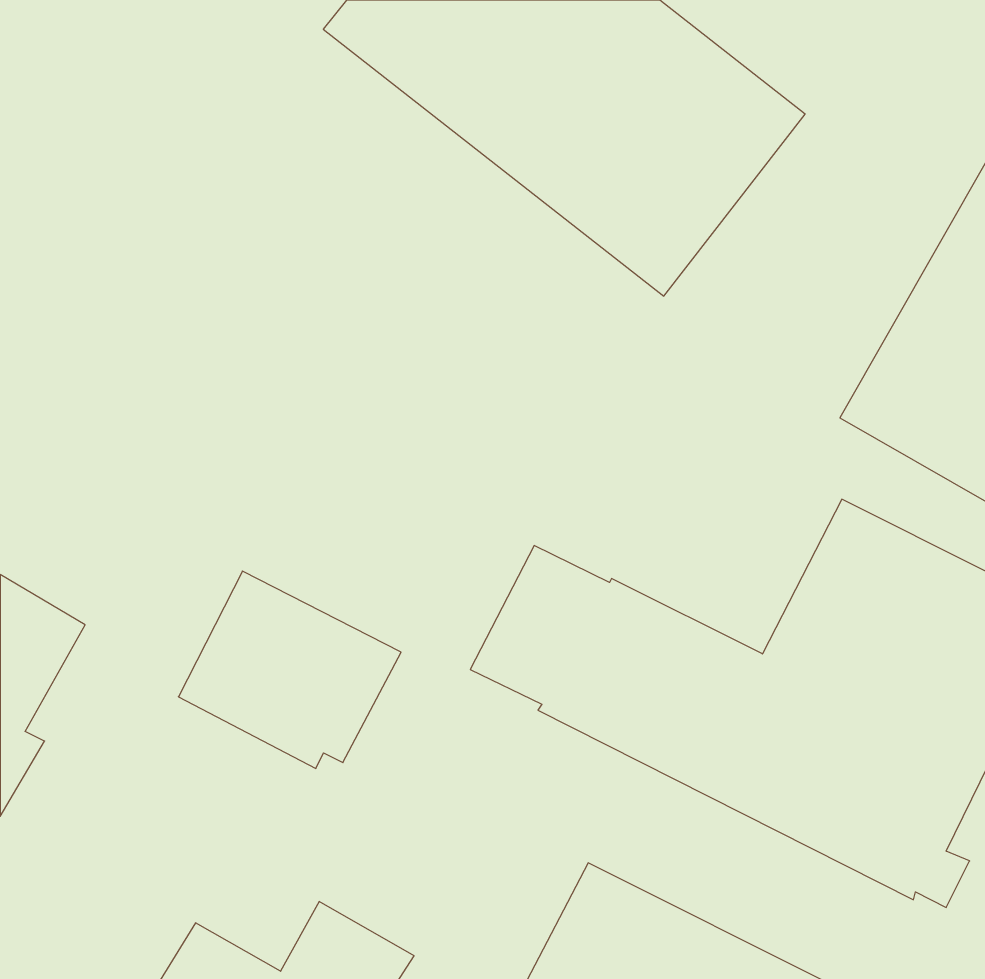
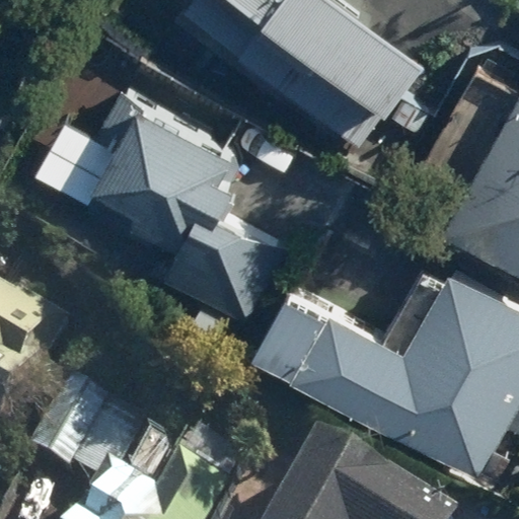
building: none -> [86,103,292,326]
building: [178,571,401,768] -> [27,390,144,494]

